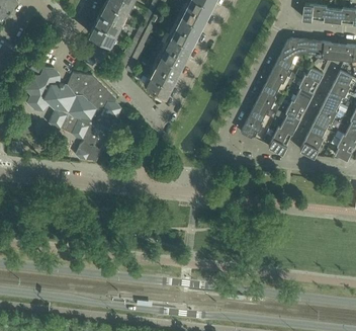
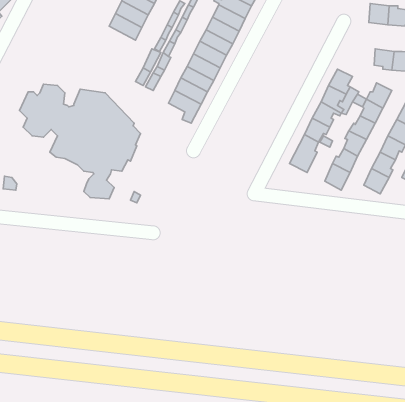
building: [89,23,116,51] -> none
building: [278,39,308,64] -> none

